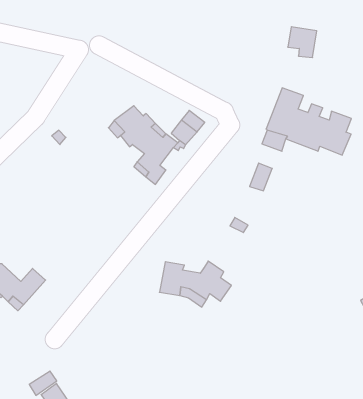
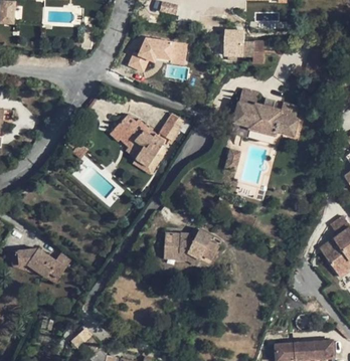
building: none -> [127,36,187,70]
building: none -> [223,30,244,56]

